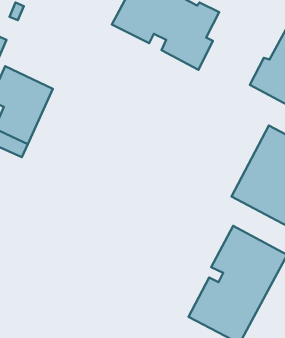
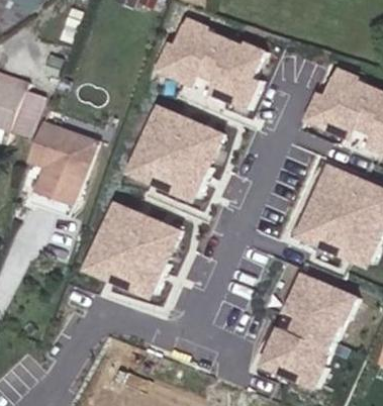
building: none -> [123,102,223,203]
building: none -> [81,199,181,300]

